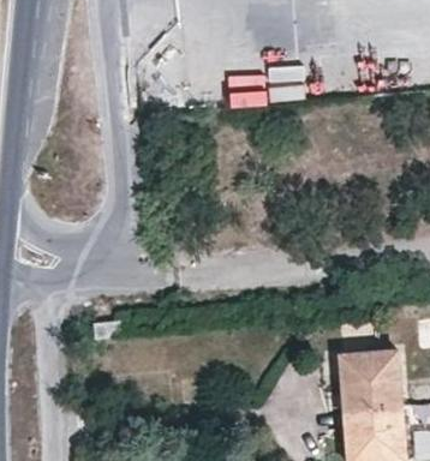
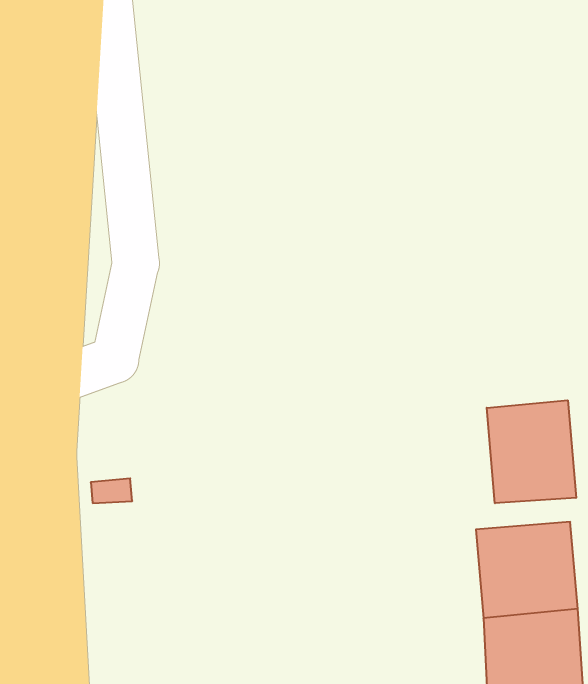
building: none -> [487,400,576,503]

